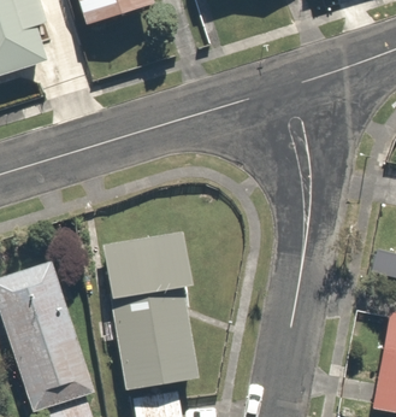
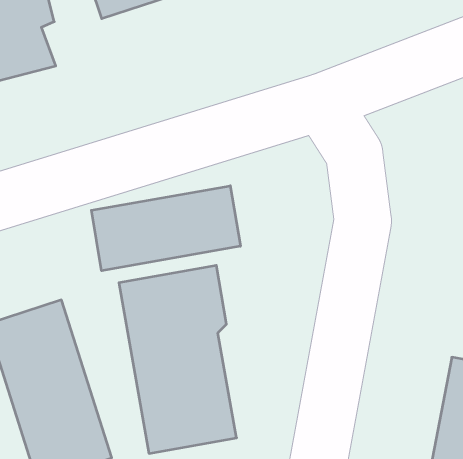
building: none -> [91,186,240,271]

